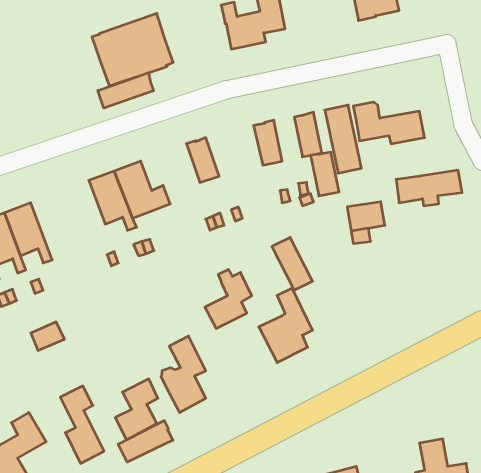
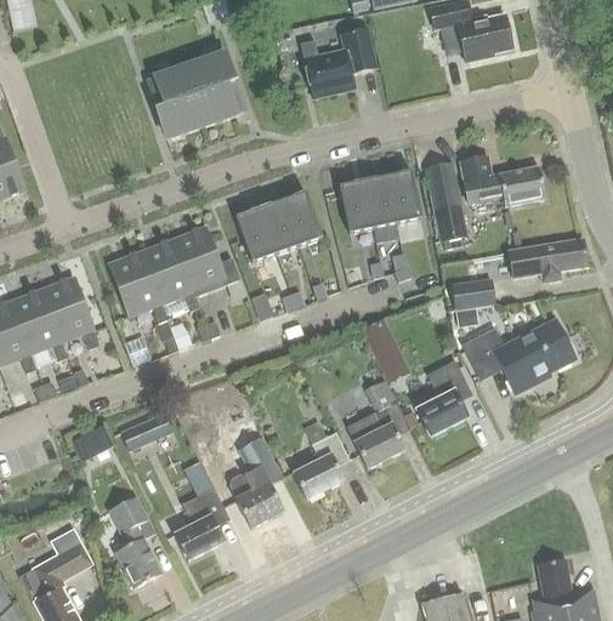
building: [98,73,153,108] -> none
building: none -> [282,190,320,245]
building: none -> [235,206,274,261]
building: [311,152,339,196] -> [363,175,397,227]
building: none -> [109,250,168,321]
building: none -> [462,319,574,392]
building: [205,269,252,328] -> [293,427,348,497]
building: none -> [415,359,469,435]
building: none -> [119,410,175,448]
building: [118,421,173,462] -> none

